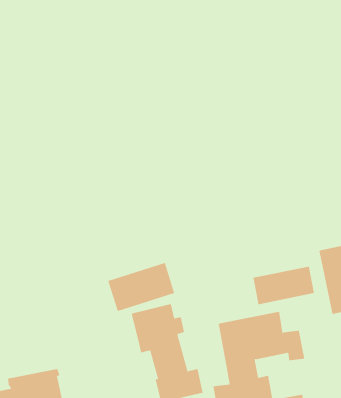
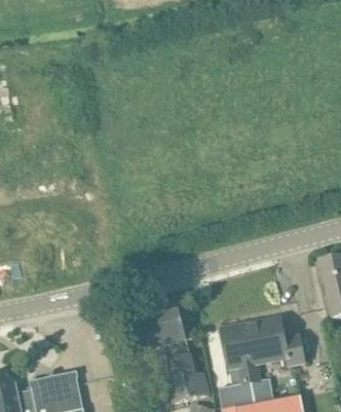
building: [108,262,175,312] -> none
building: [253,266,314,305] -> none

